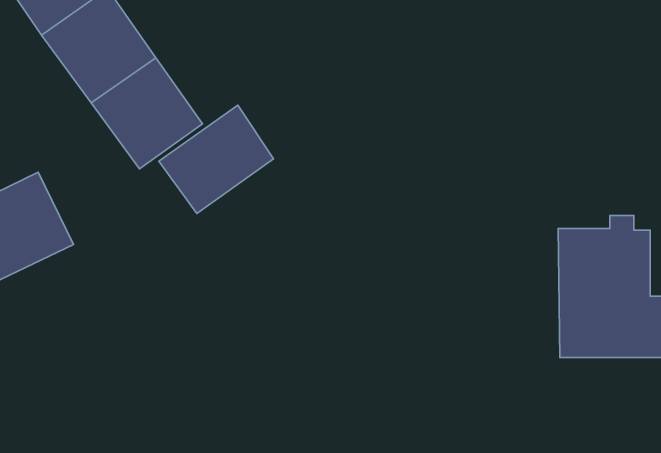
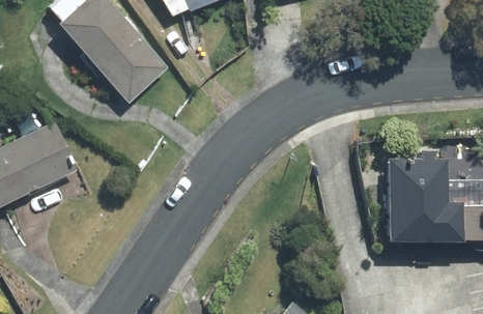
building: [159,105,273,213] -> none

